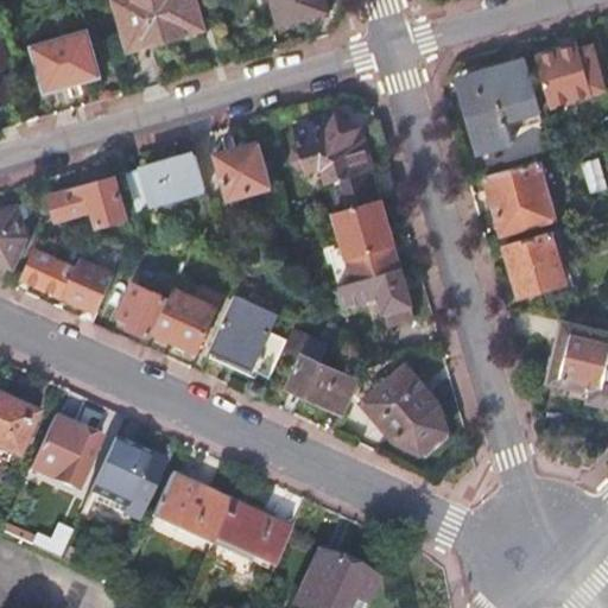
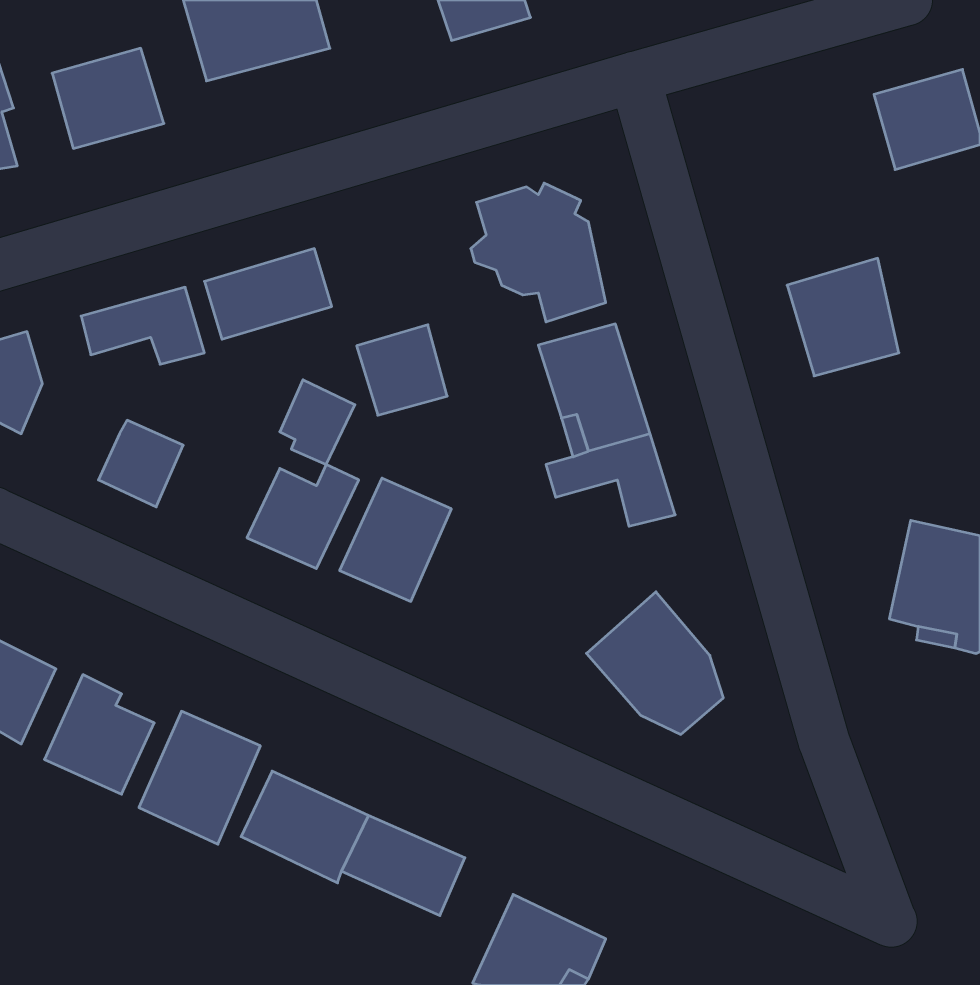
building: [457,58,545,151] -> none
building: [215,141,271,197] -> [357,325,447,415]
building: [505,233,563,296] -> none
building: [20,249,74,296] -> none
building: [119,284,165,336] -> [280,380,355,465]
building: [283,328,359,411] -> none

